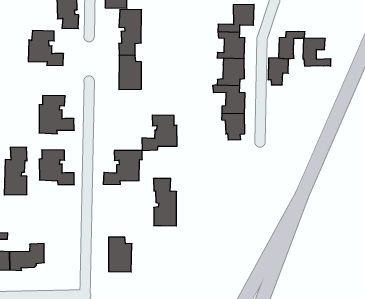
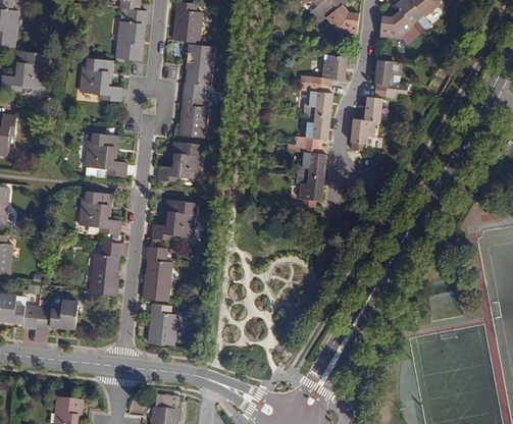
building: [303,38,331,66] -> [373,57,405,92]
building: [142,115,177,150] -> [158,141,200,180]
building: [4,147,27,195] -> [89,241,119,296]
building: [153,178,177,226] -> [143,246,172,302]

